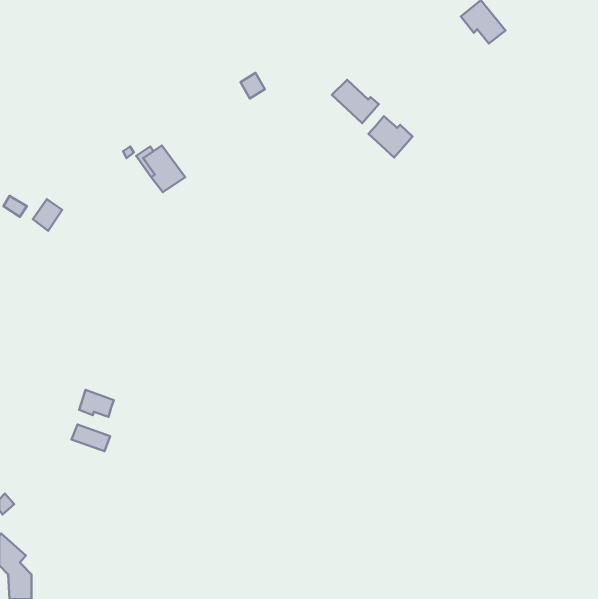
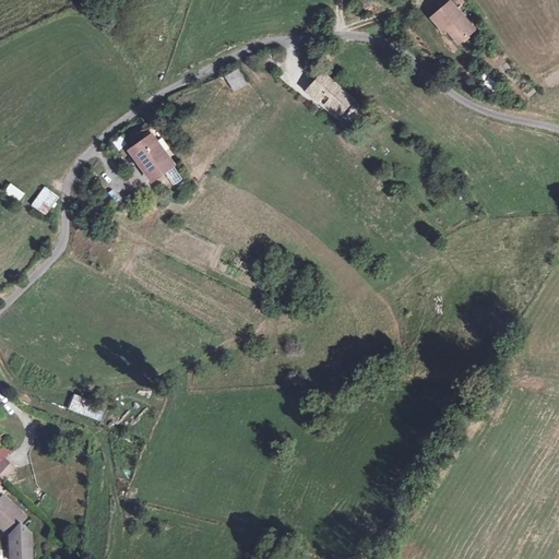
building: [369,116,412,157] -> none
building: [79,390,114,417] -> none

